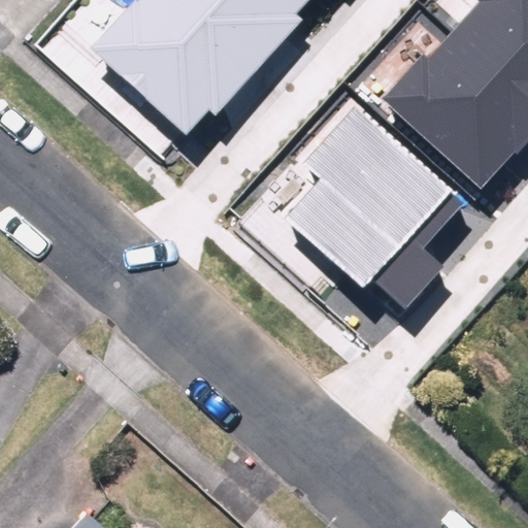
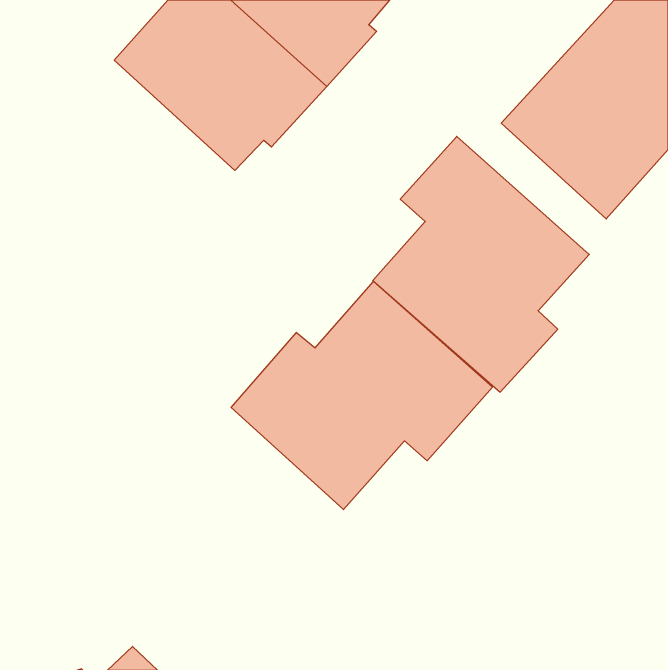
building: none -> [231,281,492,510]

